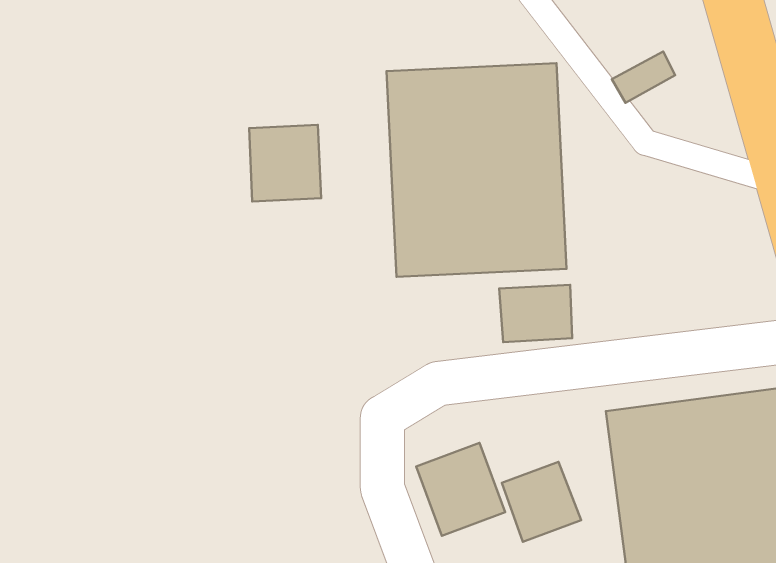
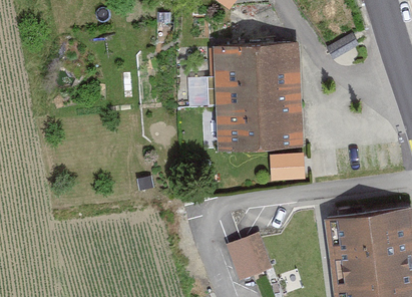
building: [249,125,321,202] -> none
building: [502,462,581,542] -> none

